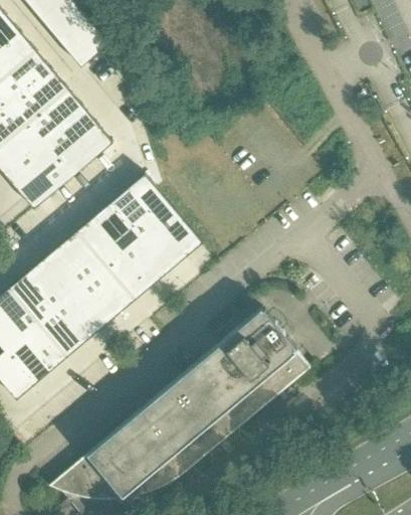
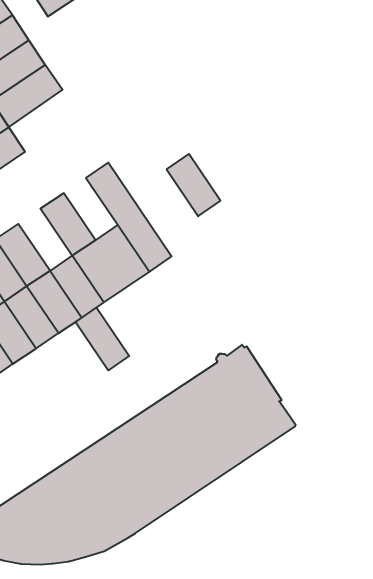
building: [58,123,113,175] -> none
building: [108,190,153,238] -> [167,154,220,216]
building: [74,218,120,267] -> none
building: none -> [76,308,129,370]

